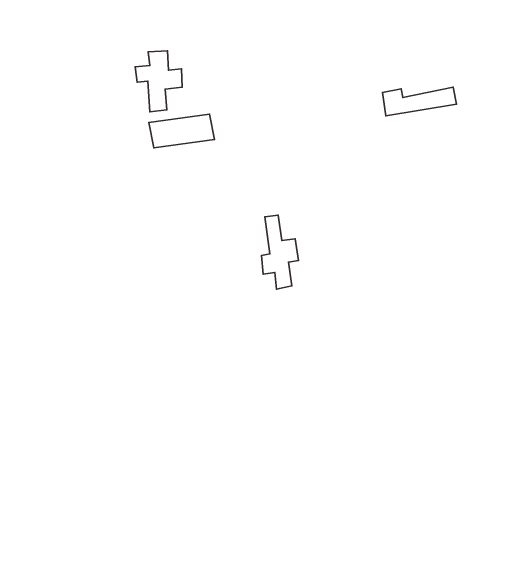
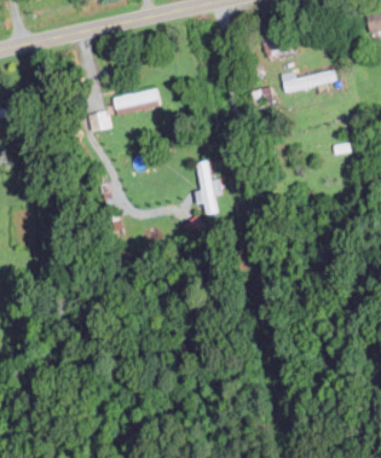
building: [135,51,182,112] -> none

